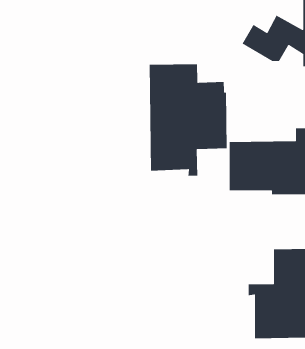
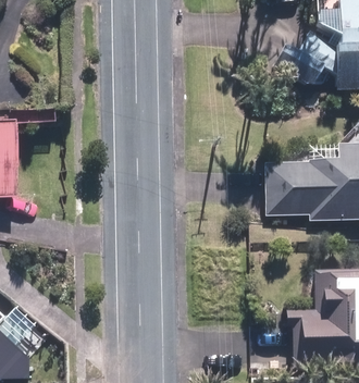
building: [149,63,227,177] -> none

